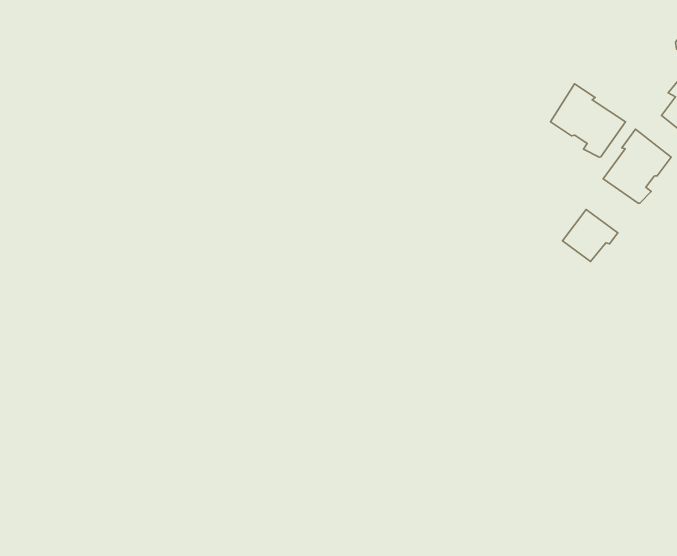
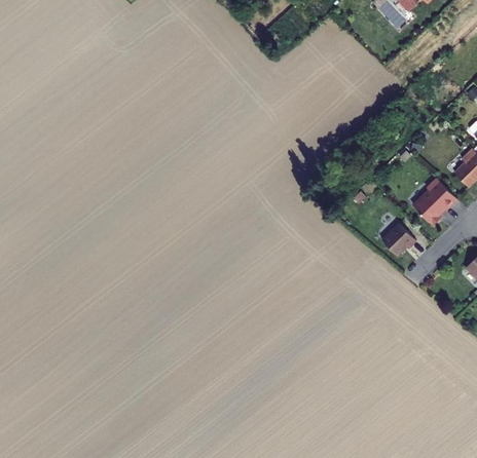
building: [551,84,625,157] -> none

